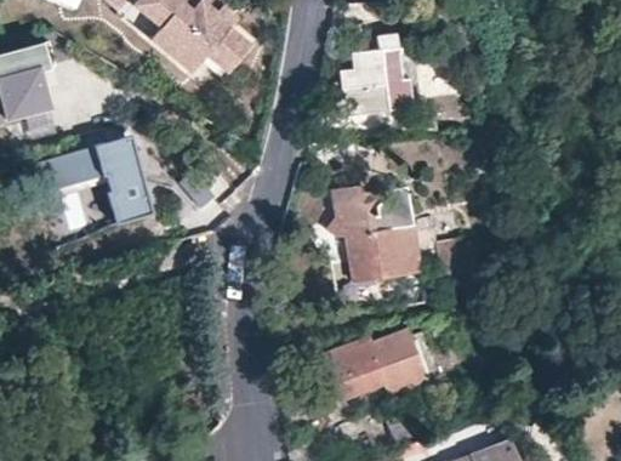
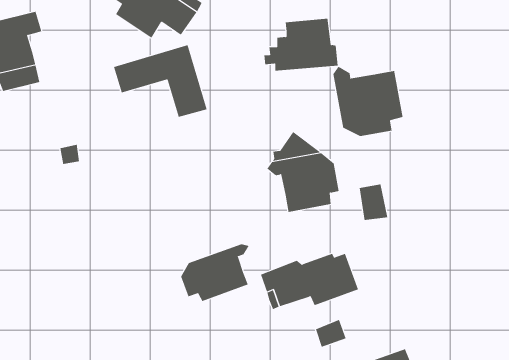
building: none -> [333,66,403,137]
building: [39,130,152,217] -> [113,44,208,118]
building: none -> [181,243,250,302]

